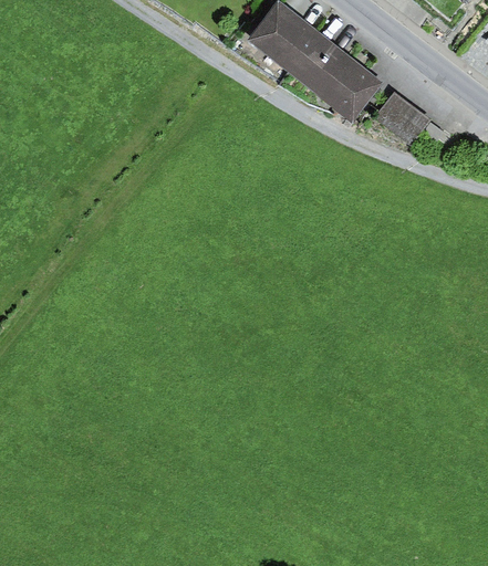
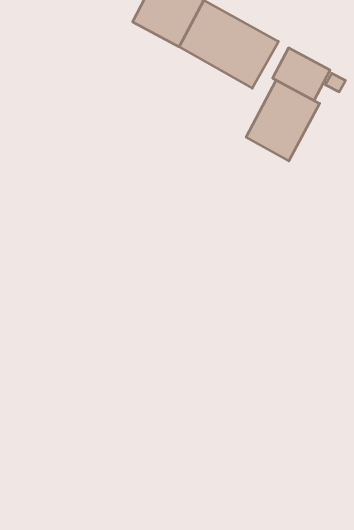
building: none -> [246,80,320,161]

